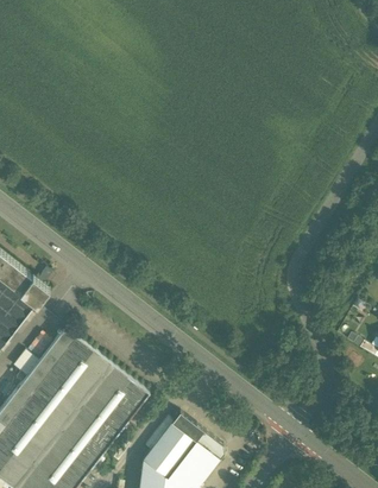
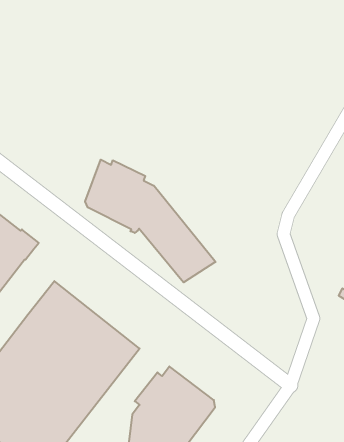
building: none -> [85,160,216,282]

